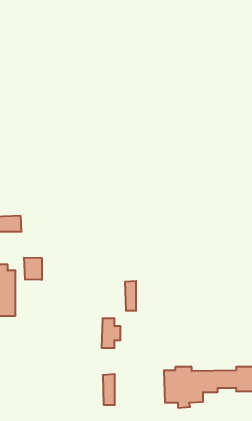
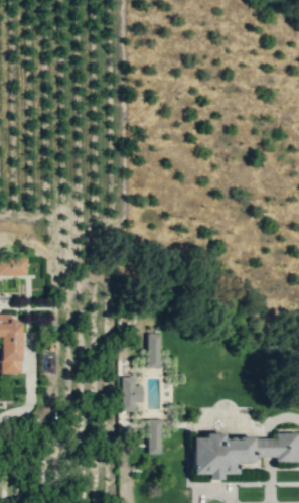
building: [24,258,42,280] -> none
building: [103,374,115,405] -> [148,419,162,455]

